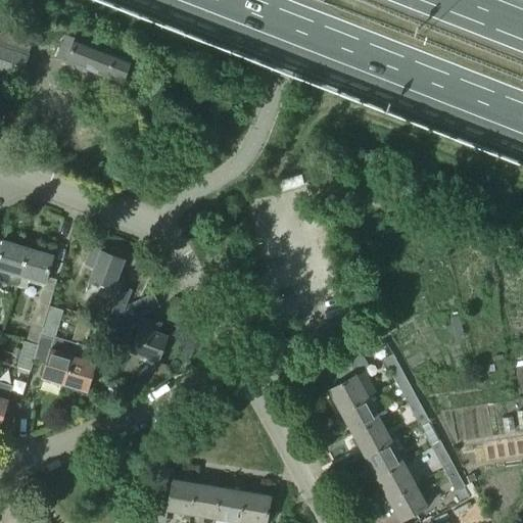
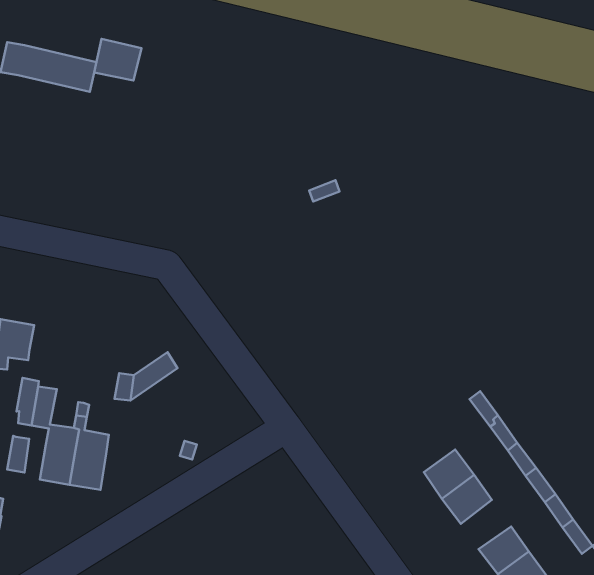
building: none -> [94,39,141,81]
building: [85,249,125,295] -> none
building: [118,320,165,363] -> none
building: [329,375,368,412] -> none
building: [365,440,403,477] -> none

